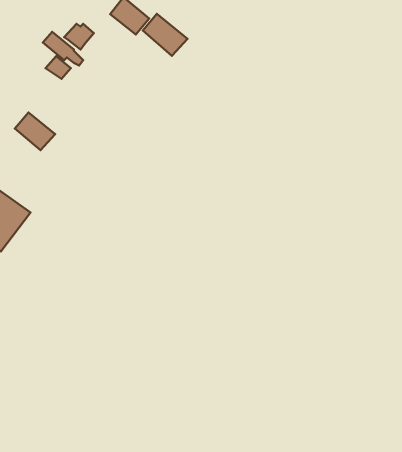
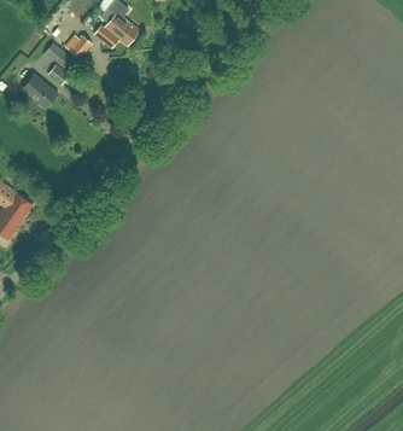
building: [143,14,187,56] -> none
building: [15,112,55,150] -> [22,74,58,107]

